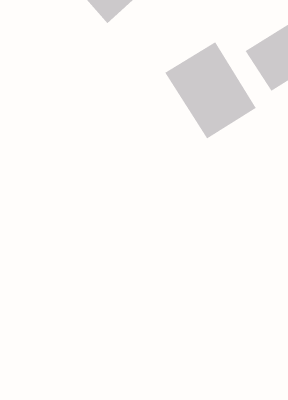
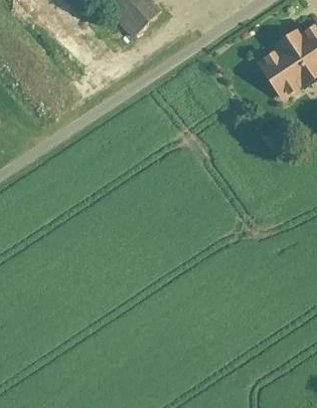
building: [164,41,257,140] -> none

